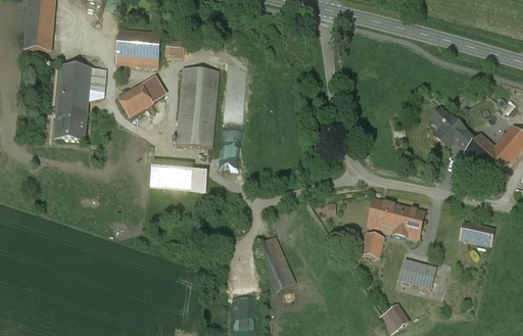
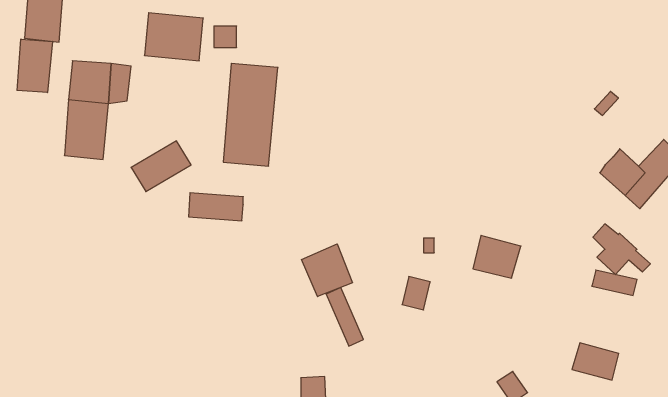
building: none -> [17,39,52,93]
building: [117,78,163,116] -> [131,141,191,192]
building: [431,108,475,147] -> [593,224,650,275]
building: none -> [301,244,353,297]
building: [397,207,424,237] -> none
building: [362,232,383,257] -> [402,277,430,310]
building: [399,259,435,288] -> [572,343,619,380]

